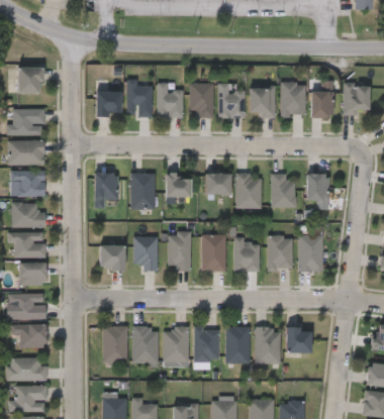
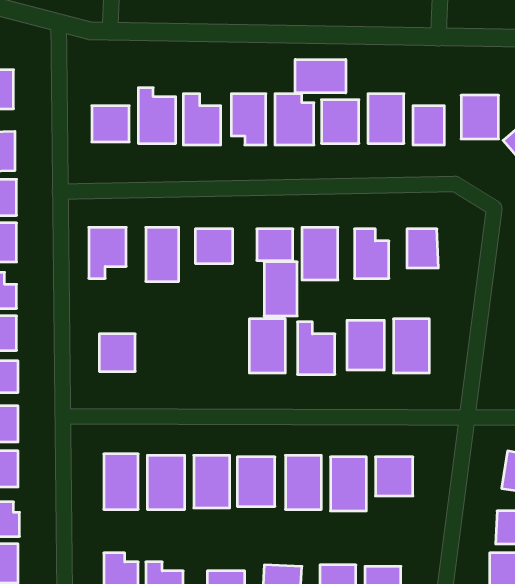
building: none -> [295,59,346,93]
building: [168,233,190,270] -> [264,262,297,316]
building: [133,237,157,272] -> none

